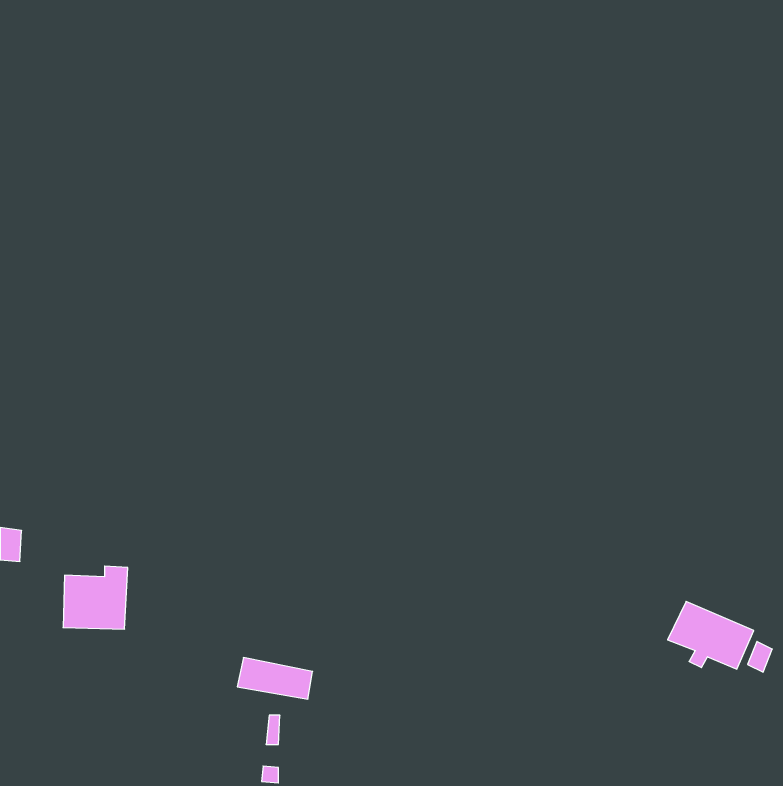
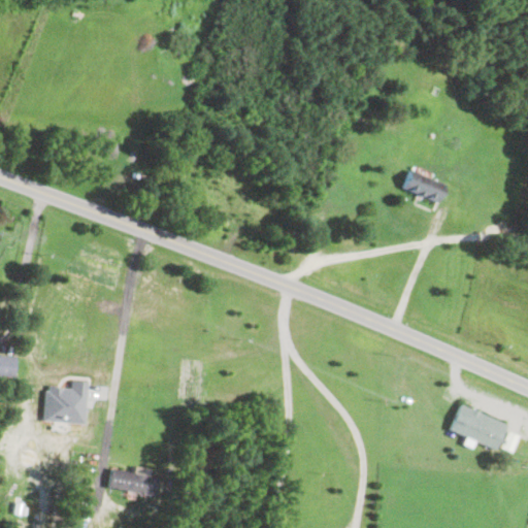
building: none -> [403,171,446,203]
building: [237,658,313,699] -> [109,469,160,497]

